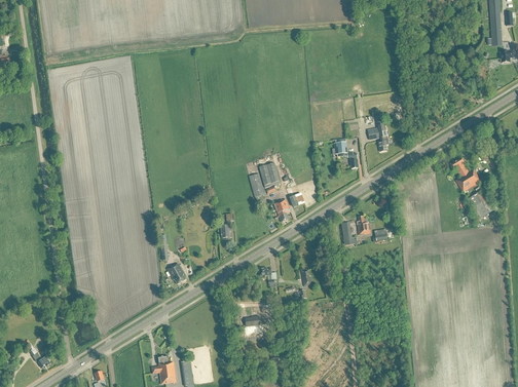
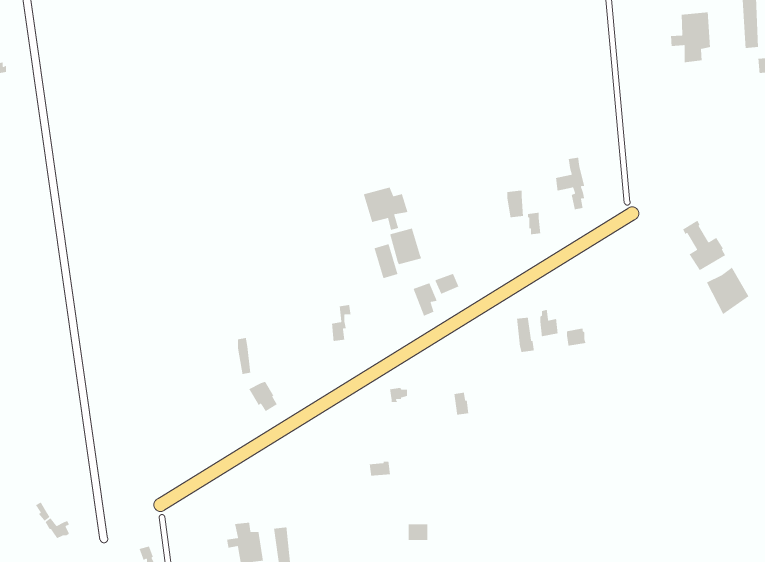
building: none -> [670,12,711,63]
building: none -> [363,186,409,231]

